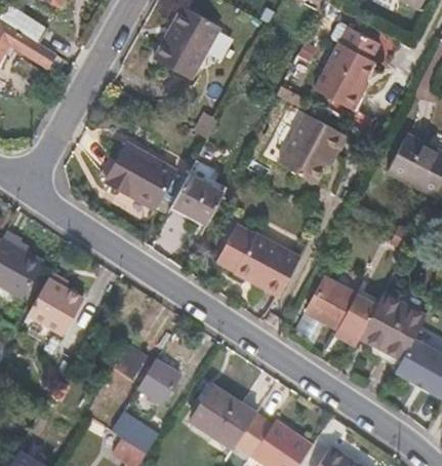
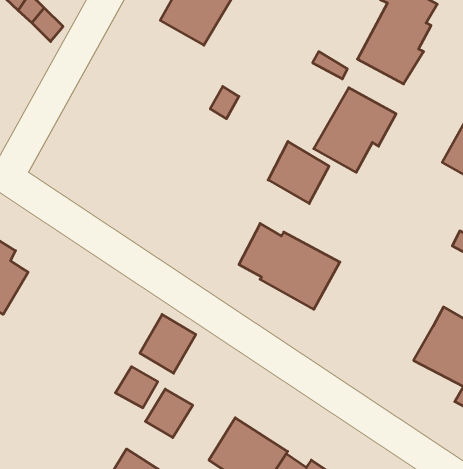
building: [104,142,174,209] -> none
building: [173,172,224,224] -> [268,141,329,204]
building: [28,280,82,339] -> none
building: [306,280,377,347] -> none
building: none -> [140,314,196,373]

